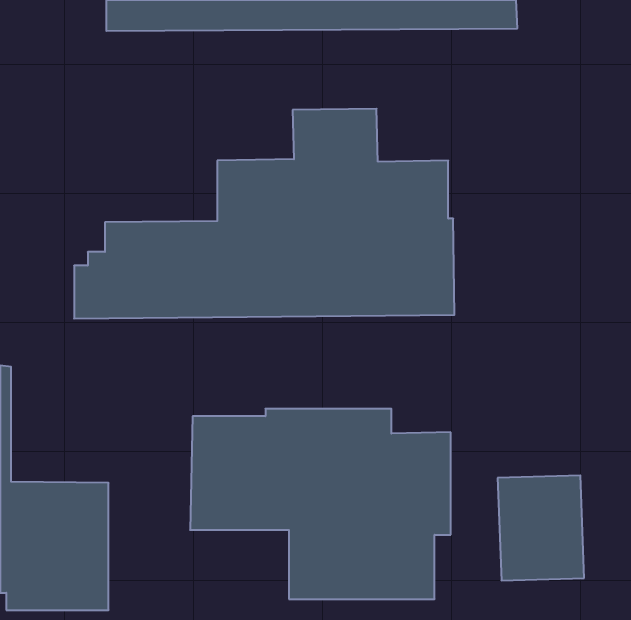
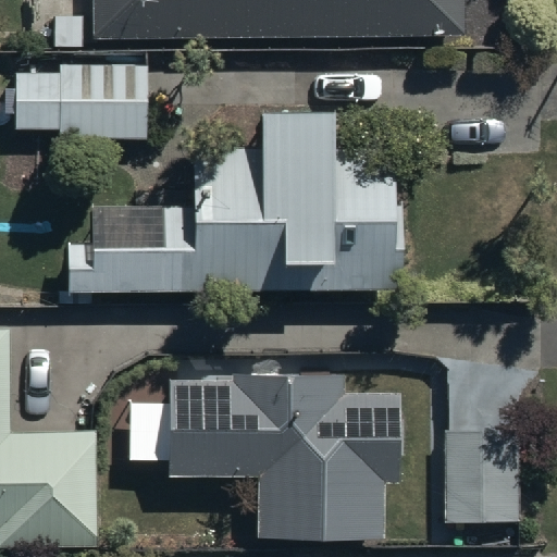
building: none -> [4,67,148,143]

